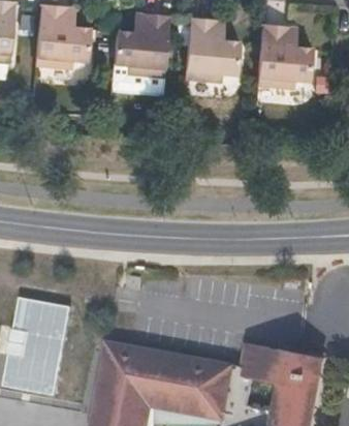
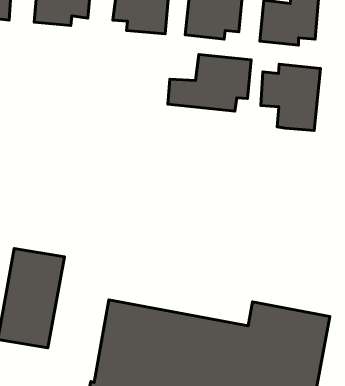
building: none -> [168,55,251,111]
building: none -> [261,64,321,130]

